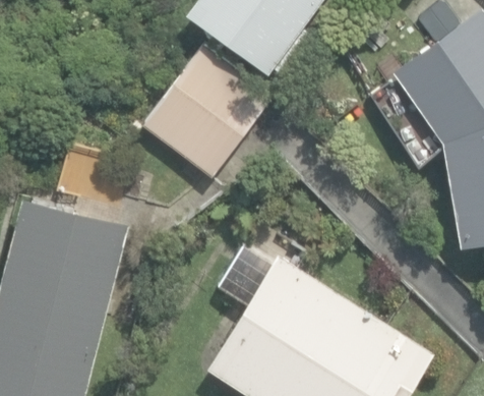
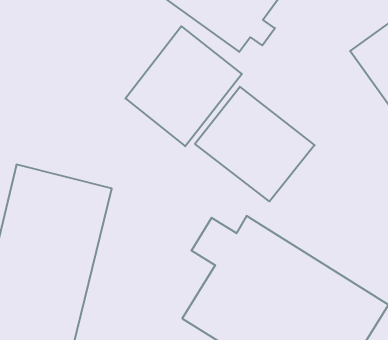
building: none -> [195,87,315,201]

